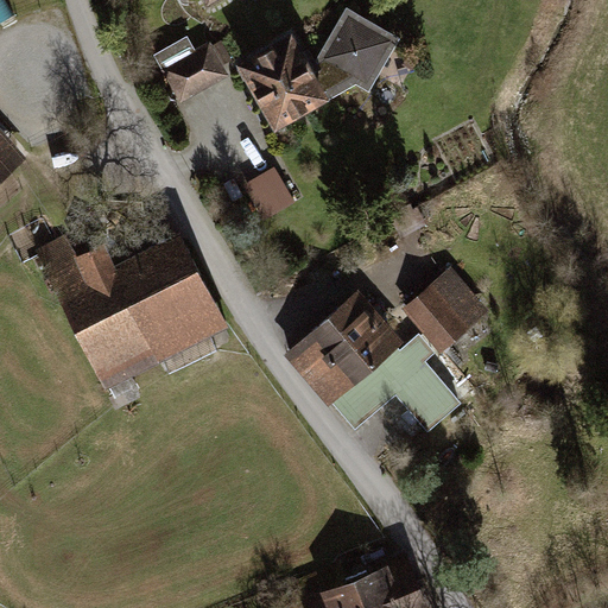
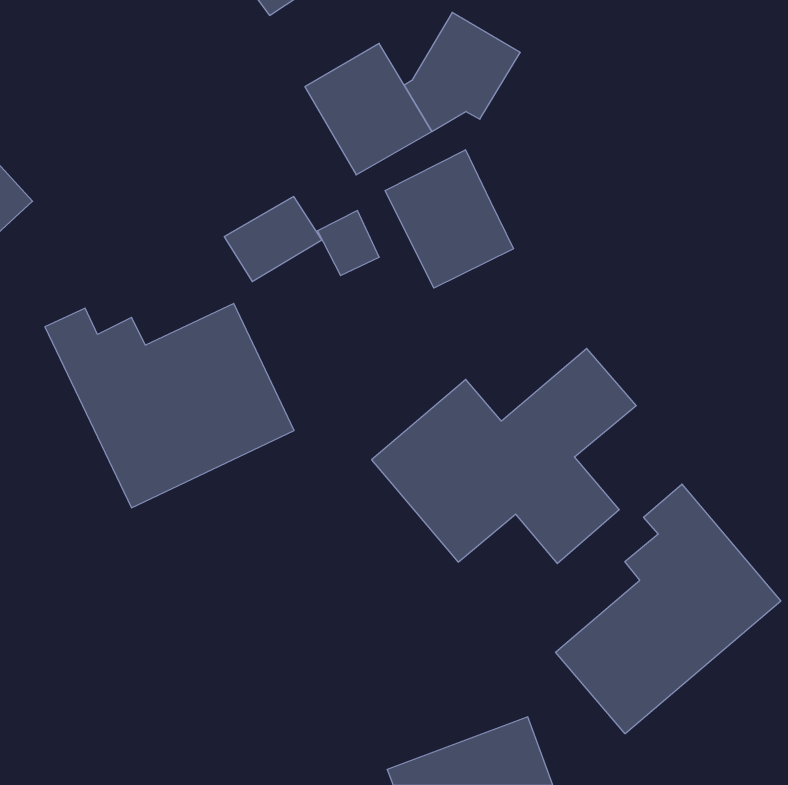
building: [154,43,229,108] -> [224,197,322,282]
building: none -> [385,150,513,288]
building: none -> [556,484,781,734]

